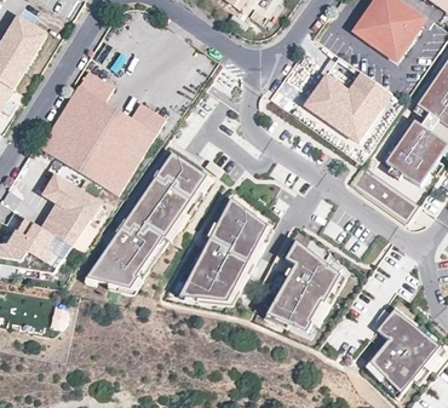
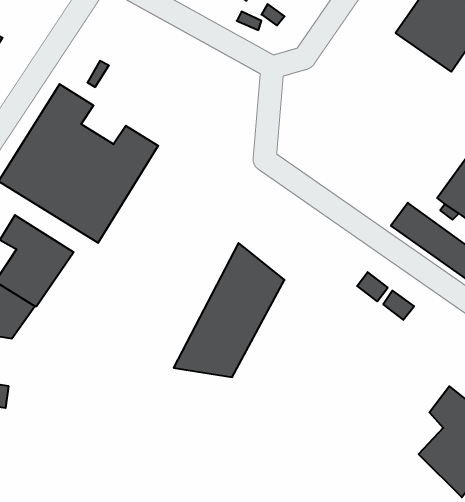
building: [306,58,394,144] -> none
building: [85,150,203,287] -> none
building: [269,239,343,333] -> none

